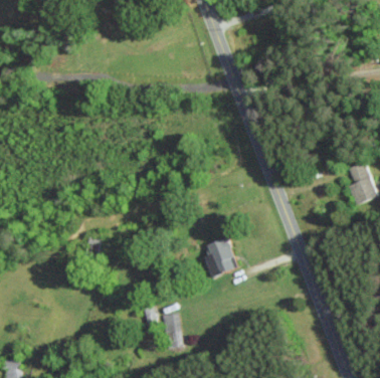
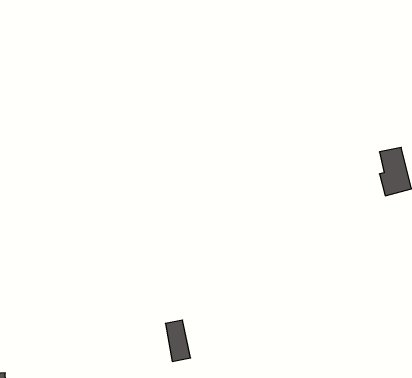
building: [203,236,237,276] -> none

